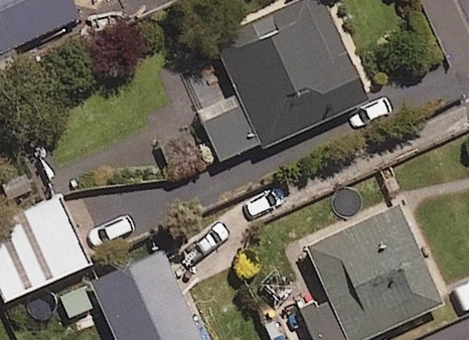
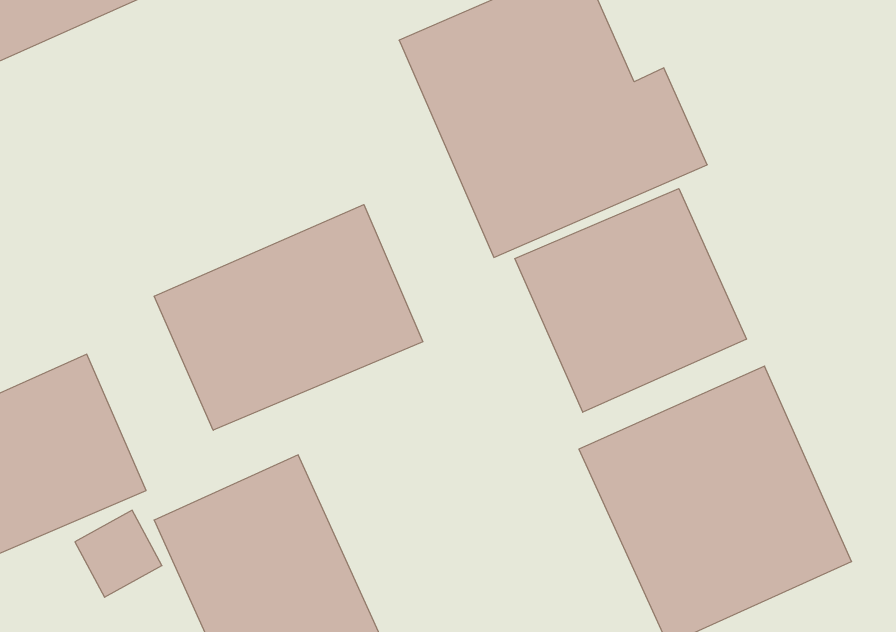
building: none -> [515,189,746,412]
building: none -> [154,205,423,430]

